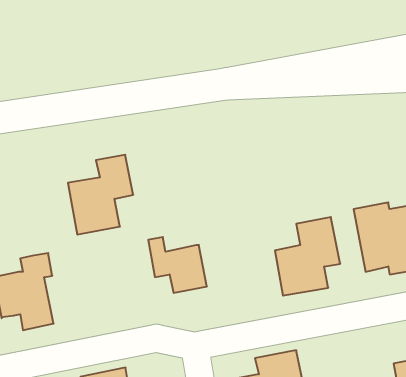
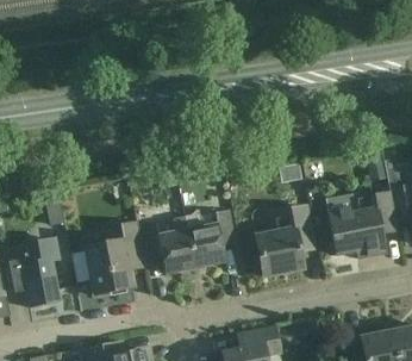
building: [68,155,133,235] -> [85,222,143,293]
building: none -> [182,210,233,267]

